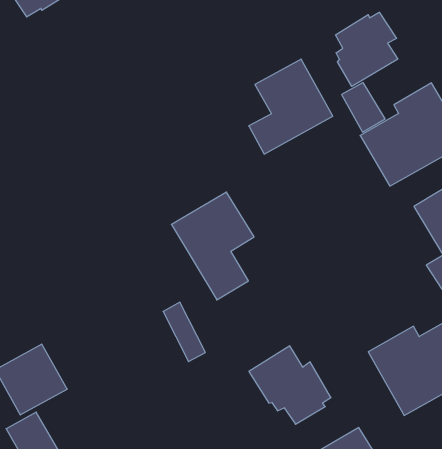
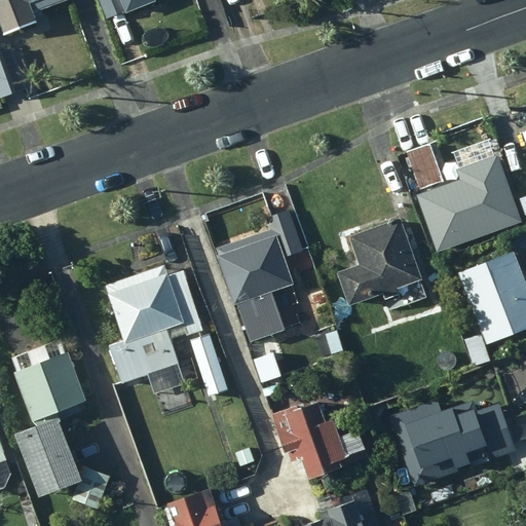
building: [336,12,398,86] -> none
building: [249,59,333,154] -> [336,215,421,303]
building: none -> [106,268,202,381]

